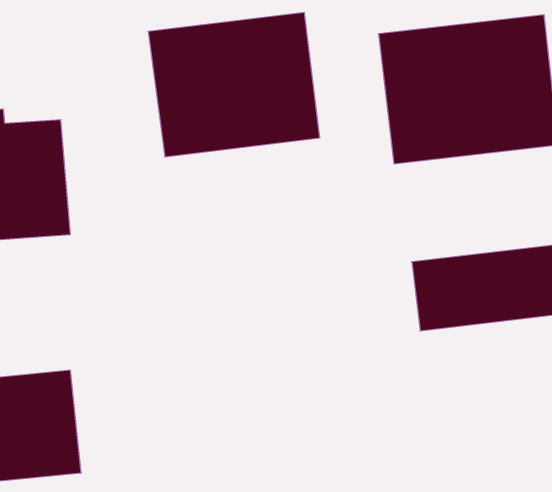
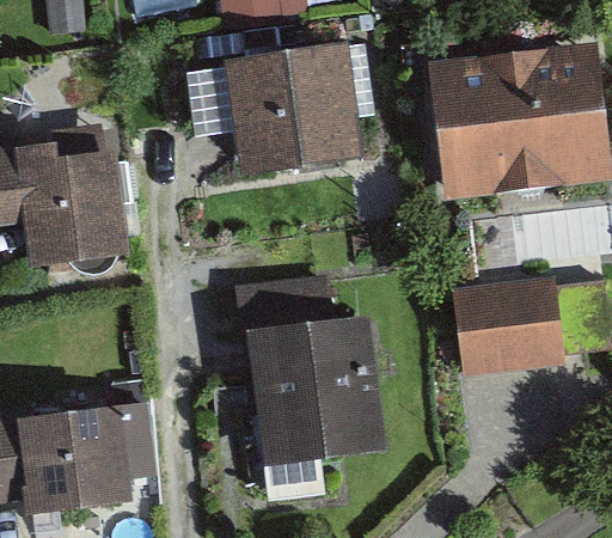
building: none -> [240,274,377,493]

